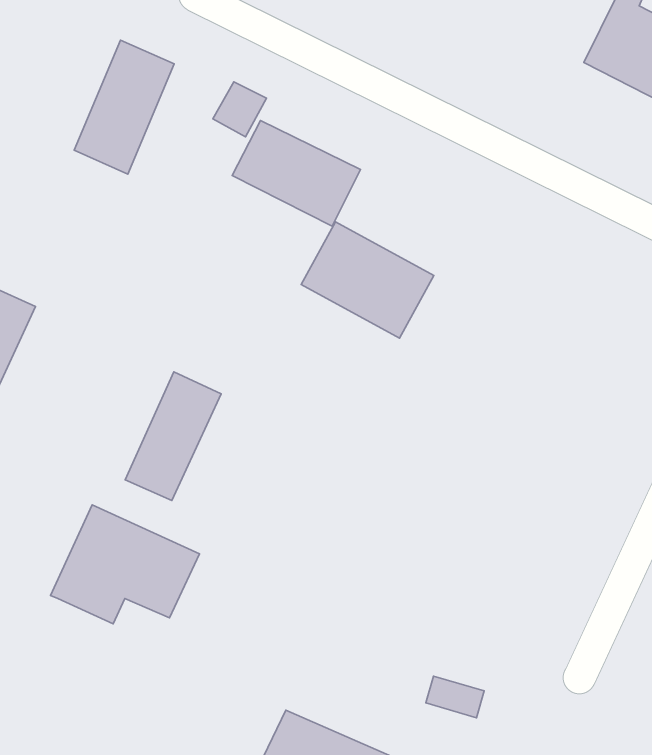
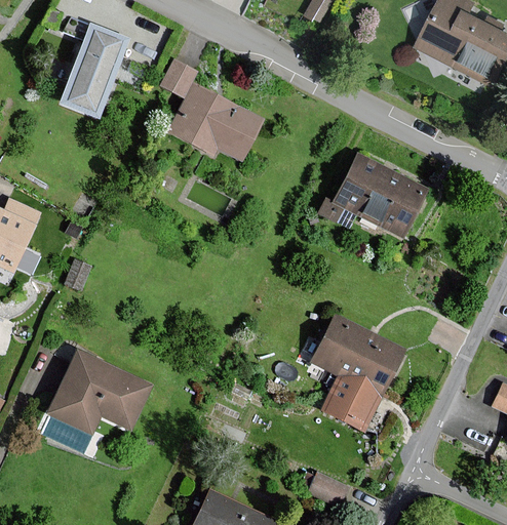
building: [301,222,434,338] -> [335,160,426,240]
building: [125,372,221,500] -> none
building: none -> [313,317,400,428]

